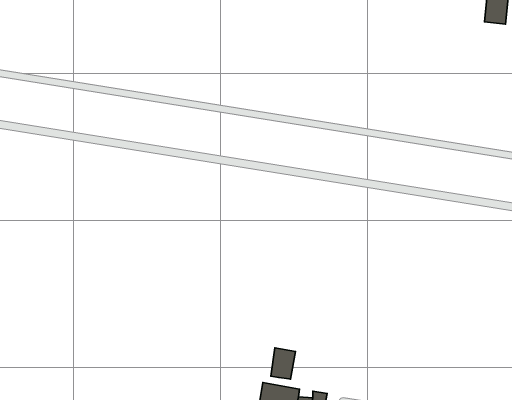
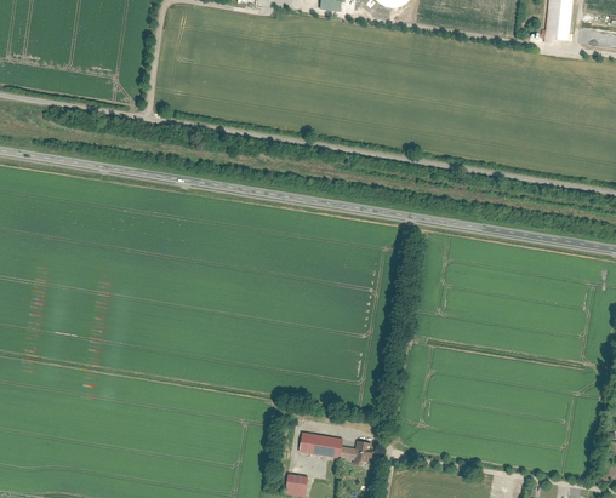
building: [271,348,296,379] -> none

